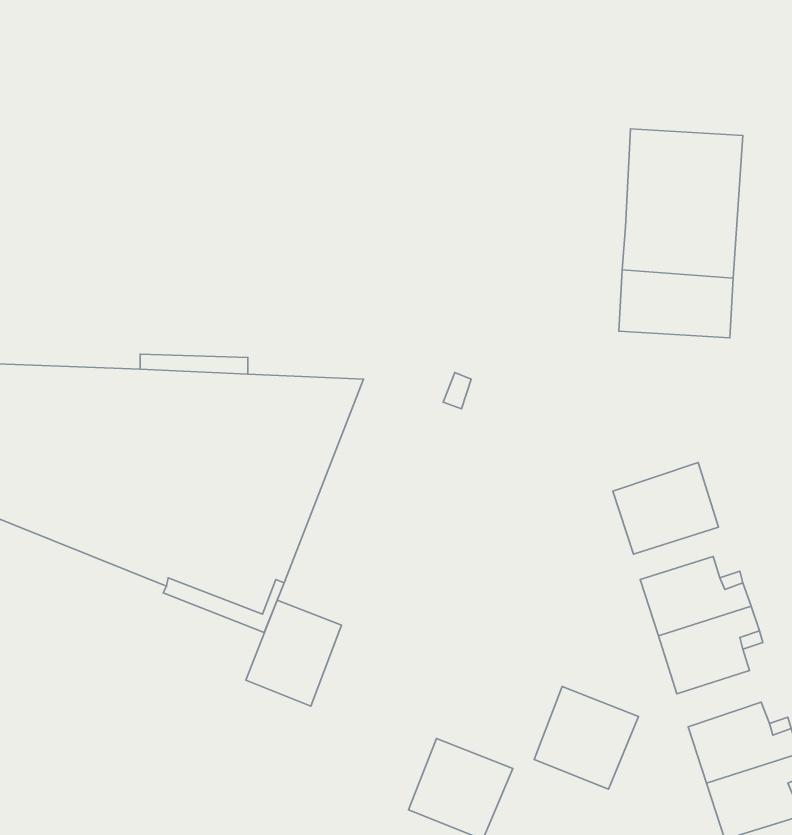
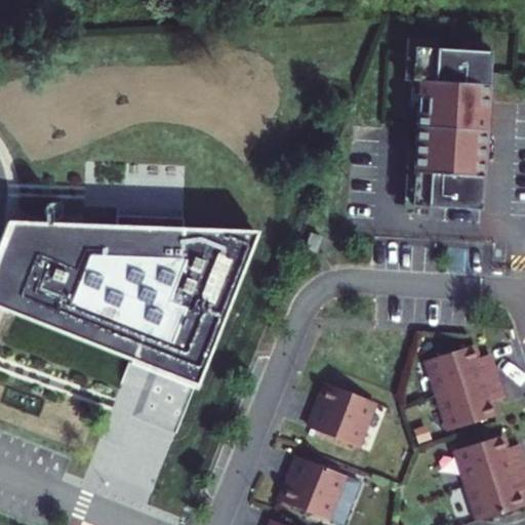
building: none -> [413,45,492,84]
building: [613,463,718,554] -> none
building: [246,600,341,706] -> none
building: [534,687,638,789] -> [311,382,375,446]

